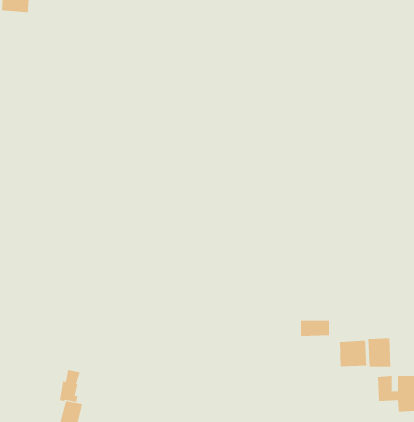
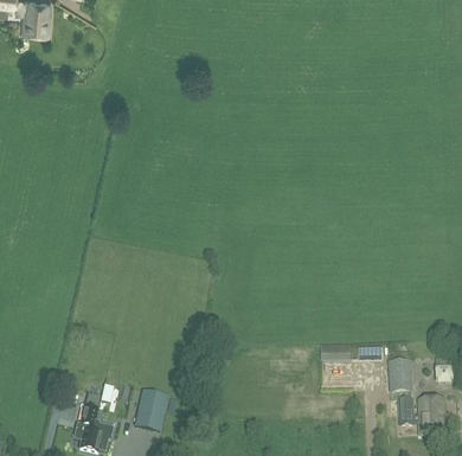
building: [339,340,367,367] -> none
building: none -> [127,385,166,426]

